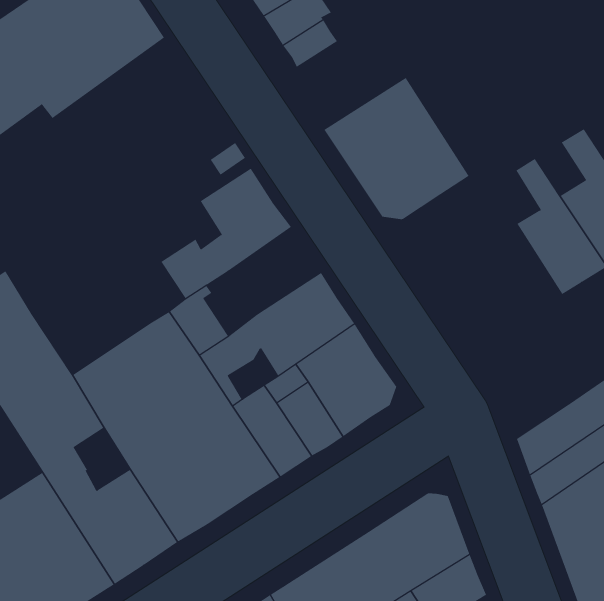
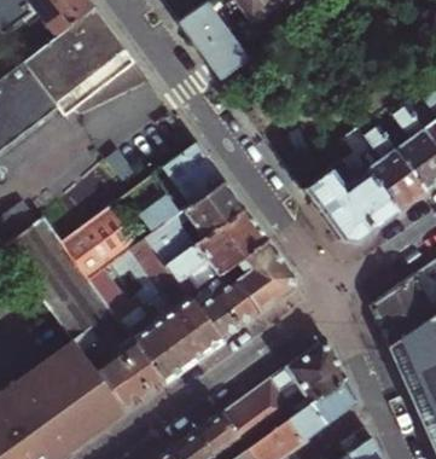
building: [324,77,469,220] -> [302,152,396,243]
building: none -> [184,179,243,236]
building: none -> [60,207,136,280]

